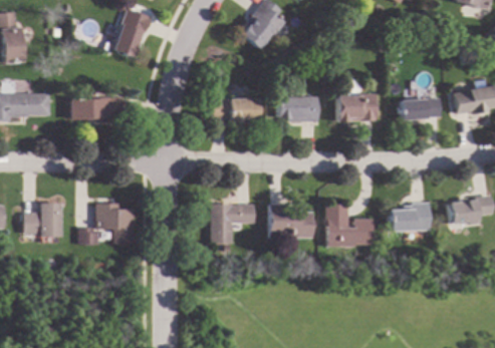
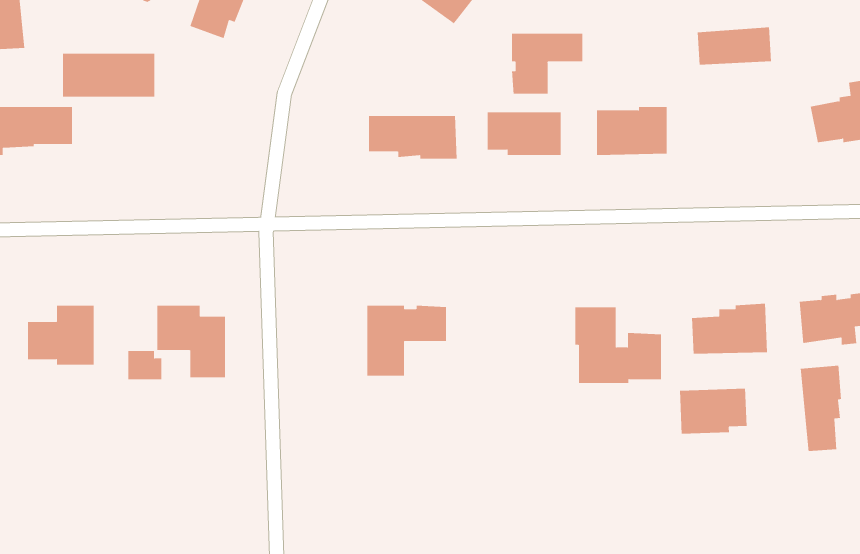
building: none -> [511,33,583,94]
building: [70,96,121,120] -> [62,53,155,97]
building: [402,97,443,118] -> [697,27,772,65]
building: [269,203,313,238] -> none
building: none -> [800,365,841,452]
building: none -> [679,388,747,435]

